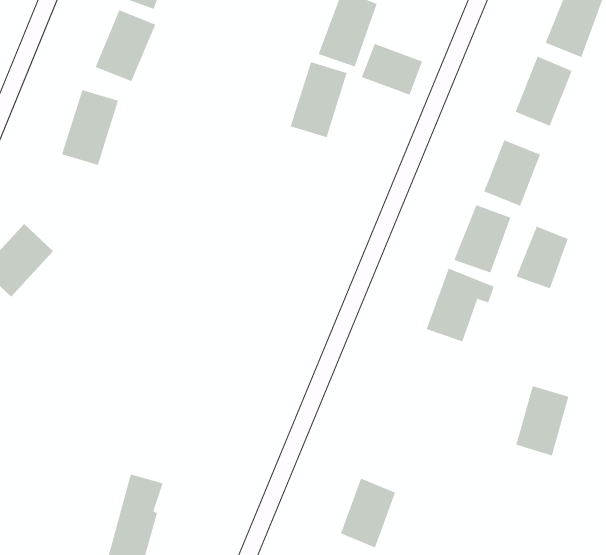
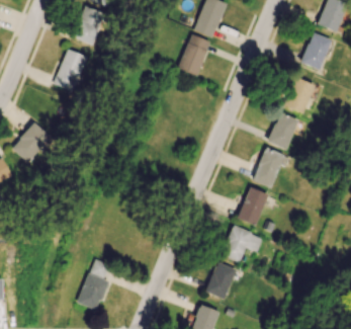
building: [361,43,423,95] -> none
building: [516,226,569,289] -> none
building: [515,385,569,456] -> [238,187,267,226]
building: none -> [221,226,263,262]

